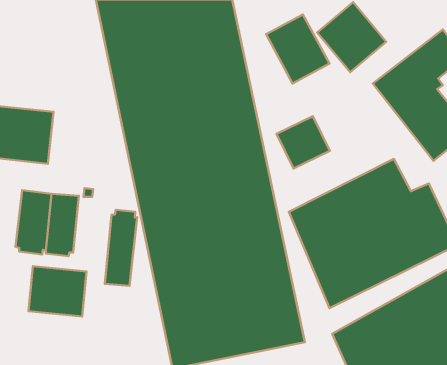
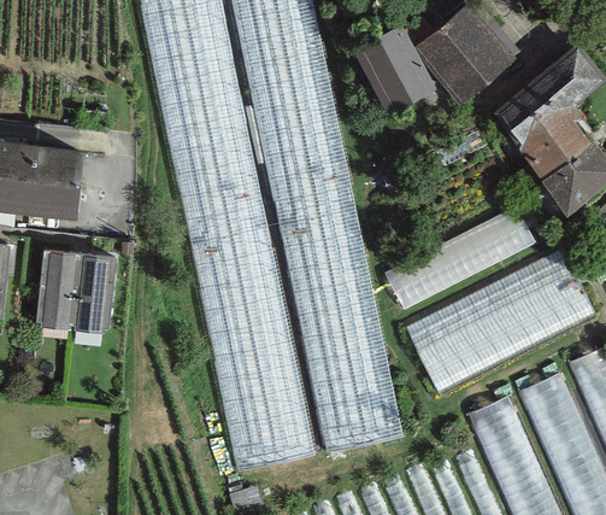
building: [277,116,330,169] -> none
building: [105,210,137,286] -> none
building: [28,266,87,317] -> none

